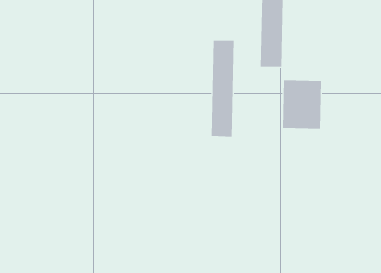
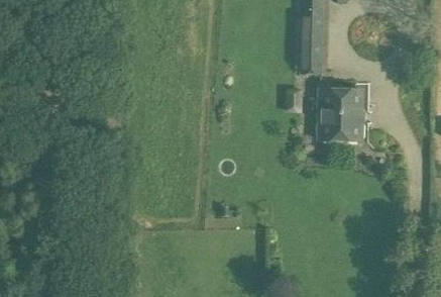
building: [211,40,234,137] -> none

